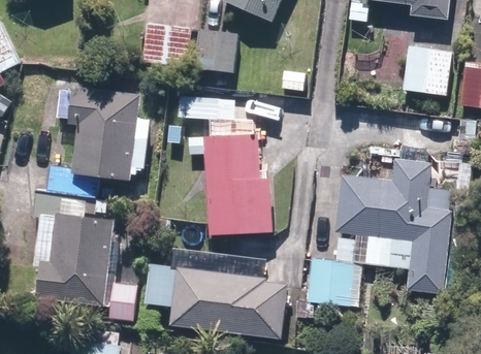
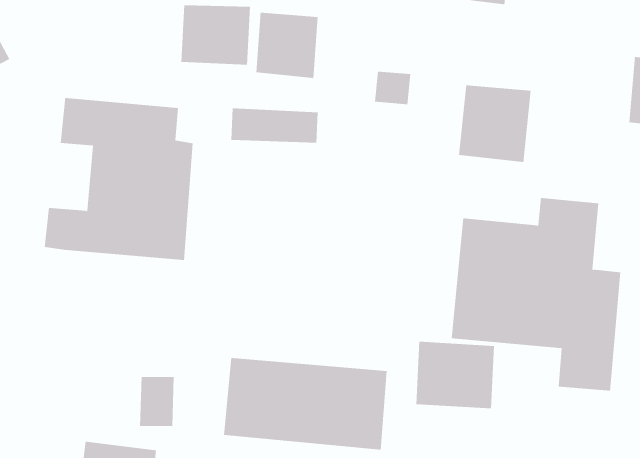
building: [400,42,452,97] -> [458,85,532,163]
building: [186,133,271,235] -> none
building: [30,195,121,303] -> none

